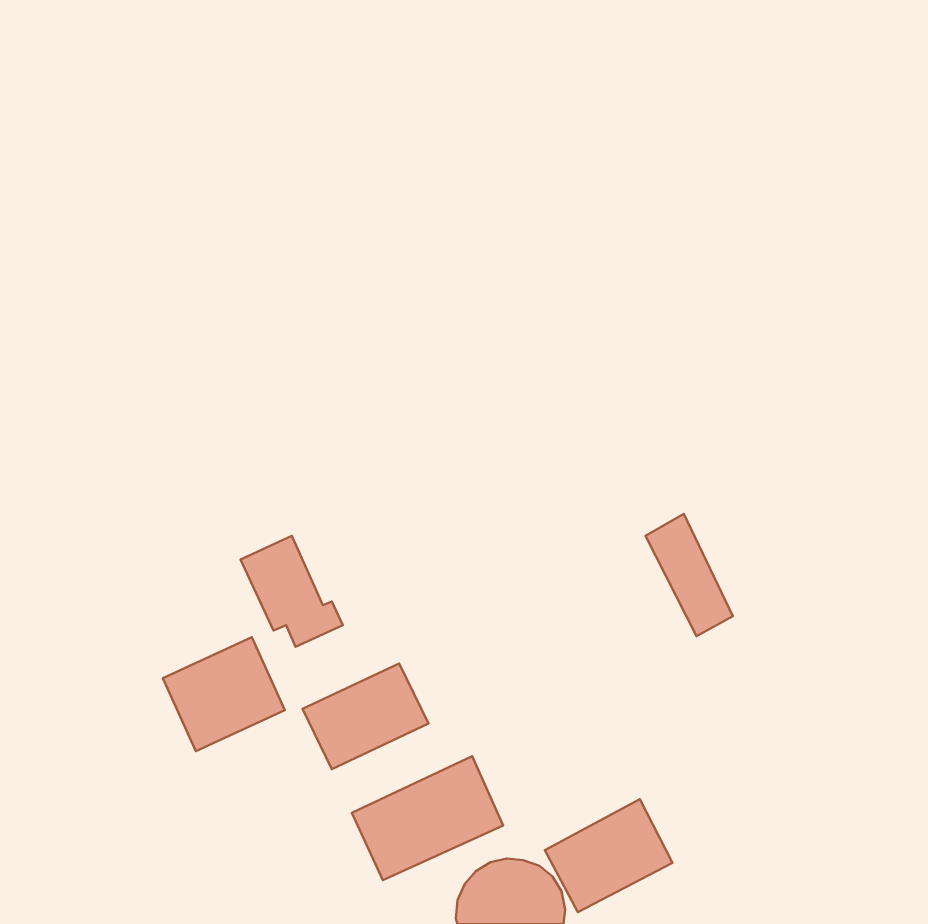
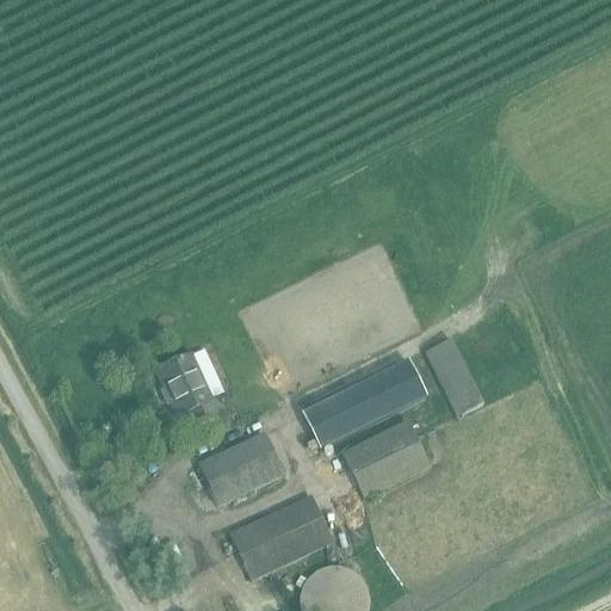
building: none -> [303,359,426,448]
building: [163,637,285,751] -> none
building: [545,799,673,912] -> [342,420,426,494]

